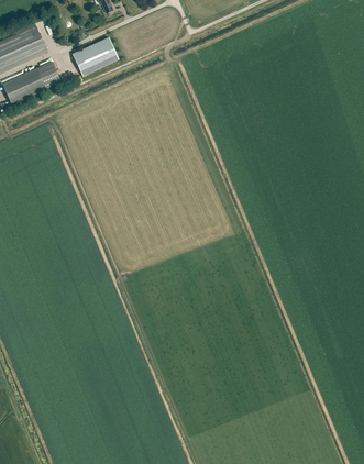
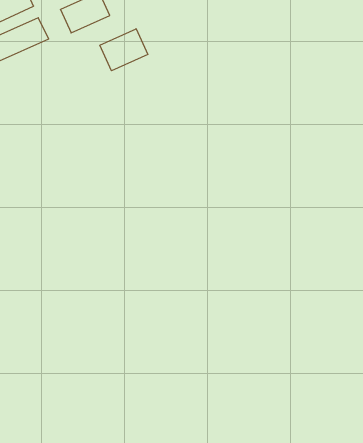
building: none -> [100,29,148,71]

